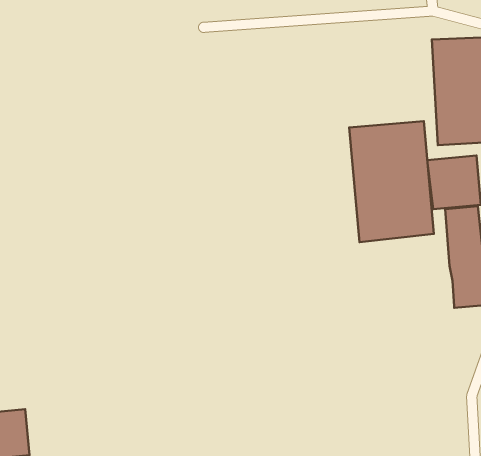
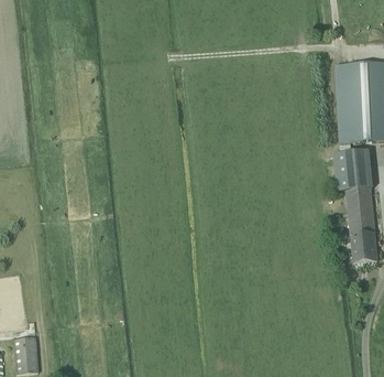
building: [349,121,434,242] -> none

